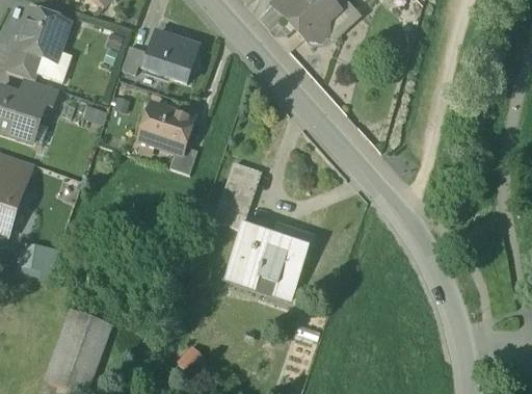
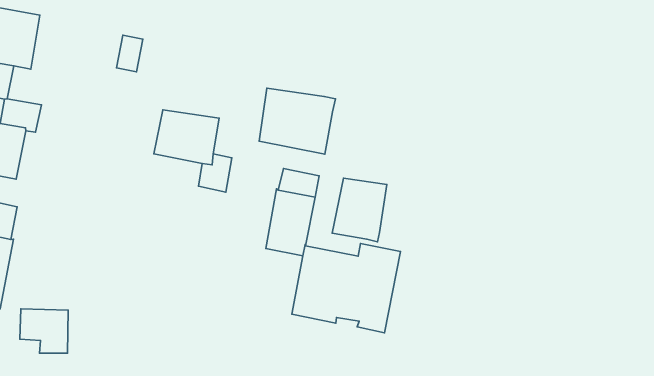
building: [144,31,198,81] -> none
building: none -> [259,88,336,154]
building: none -> [332,178,387,242]

